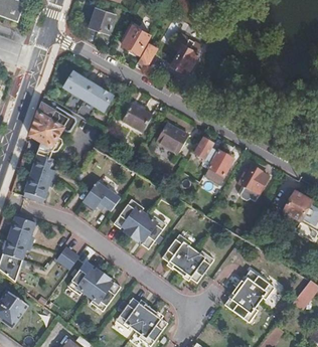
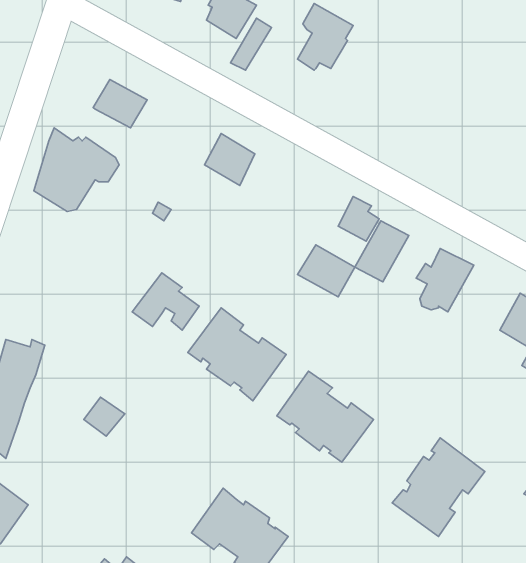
building: [82,86,110,114] -> none
building: [156,124,187,152] -> [297,245,355,297]
building: [23,153,54,202] -> none
building: [67,262,121,311] -> none

